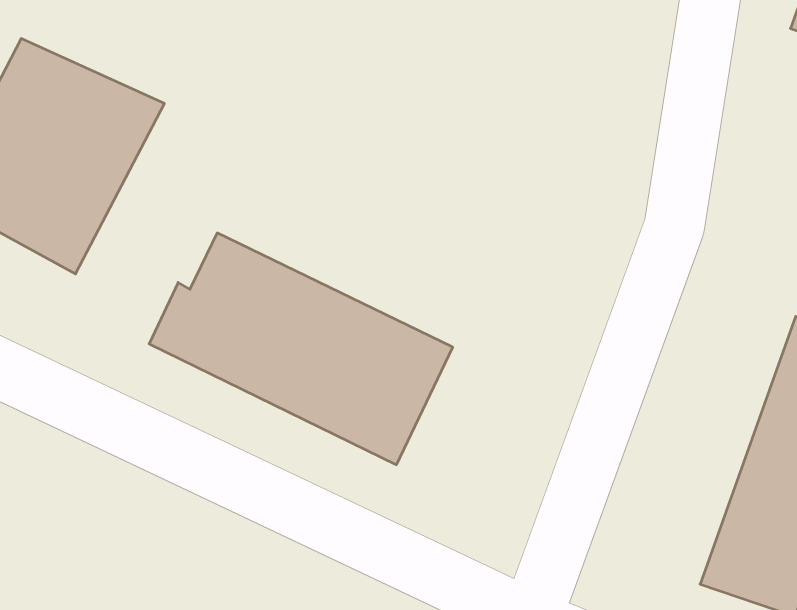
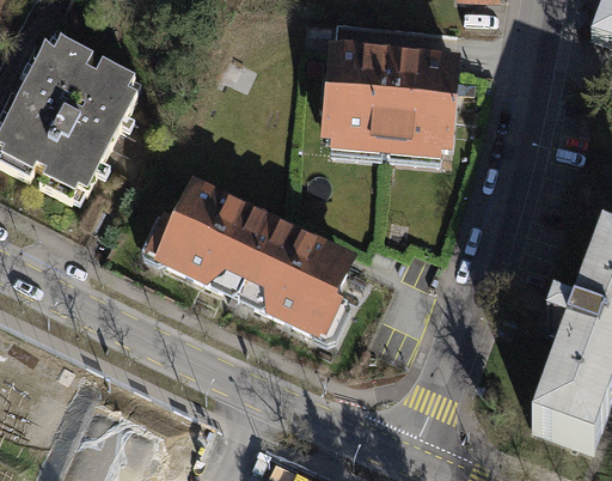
building: none -> [318,39,457,152]

